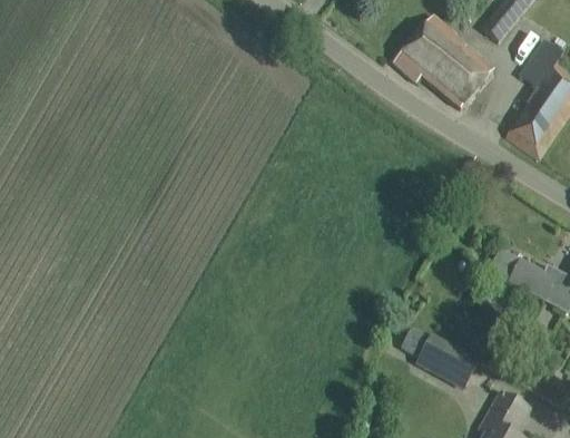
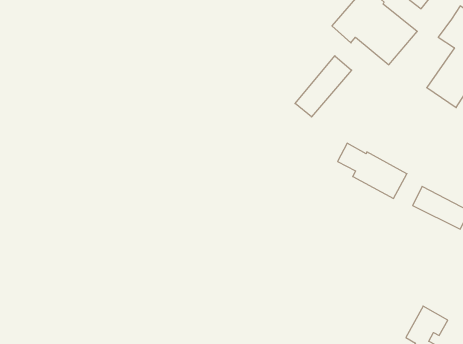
building: none -> [295,56,352,117]
building: [399,323,480,388] -> [338,143,407,198]

